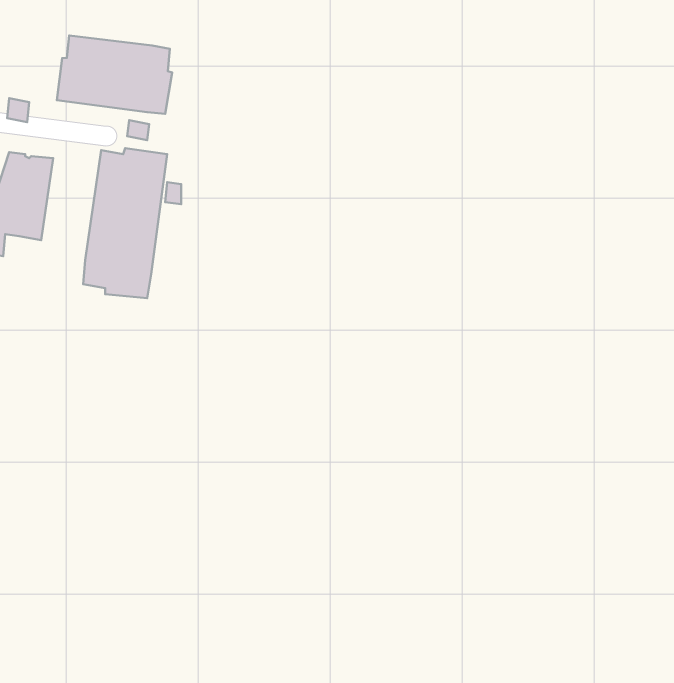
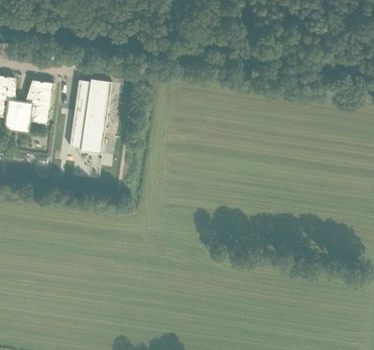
building: [57,36,172,114] -> none

